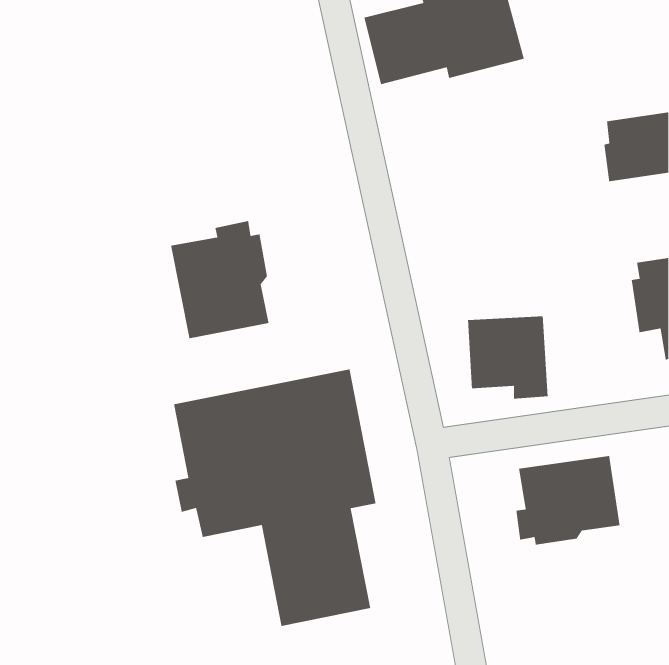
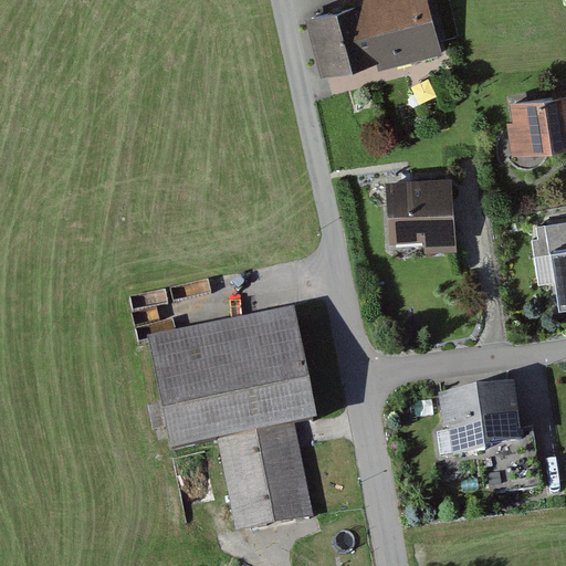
building: [170,220,269,339] -> none
building: [467,316,549,400] -> [386,178,454,249]

